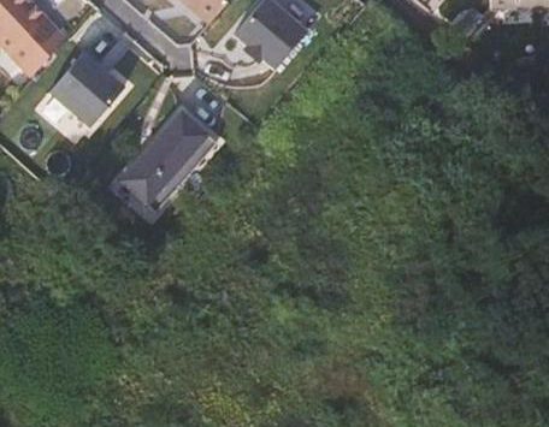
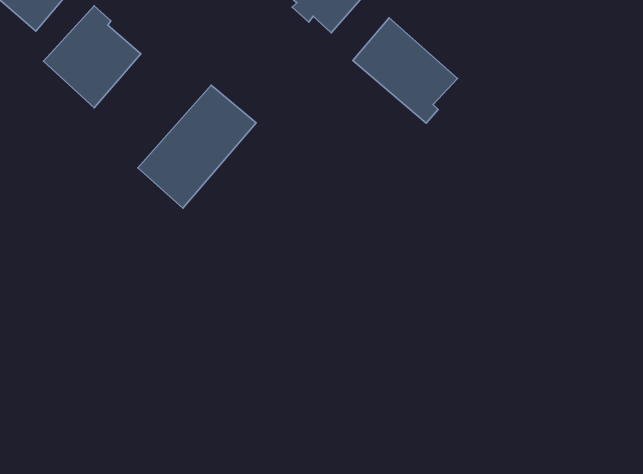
building: none -> [353,18,457,123]

